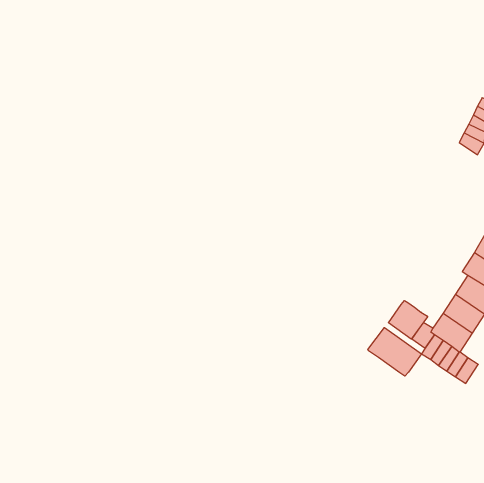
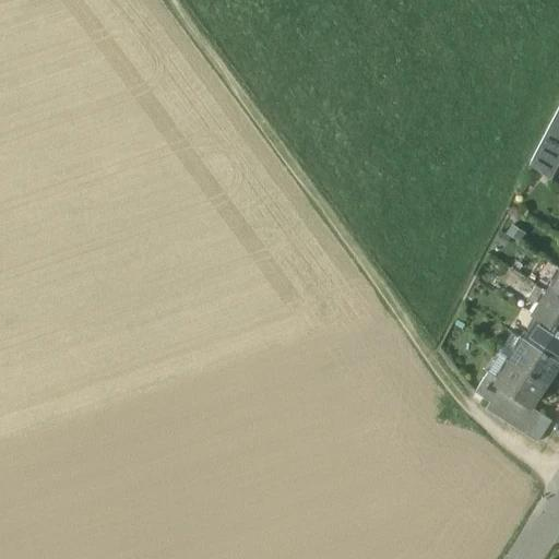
building: [388,301,427,339] -> none
building: [368,328,421,376] -> none

